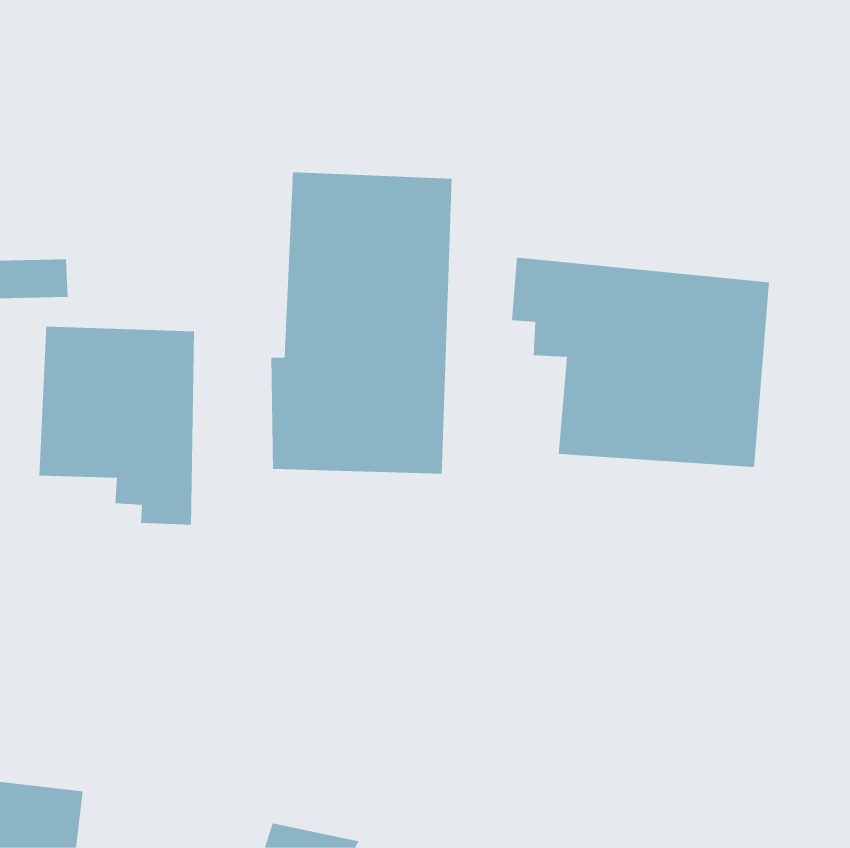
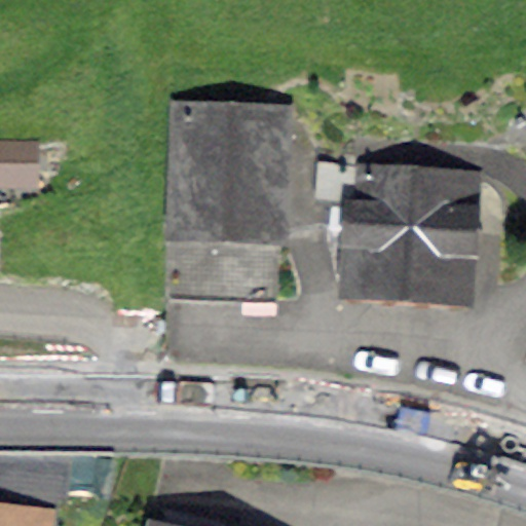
building: [39,326,194,525] -> none

